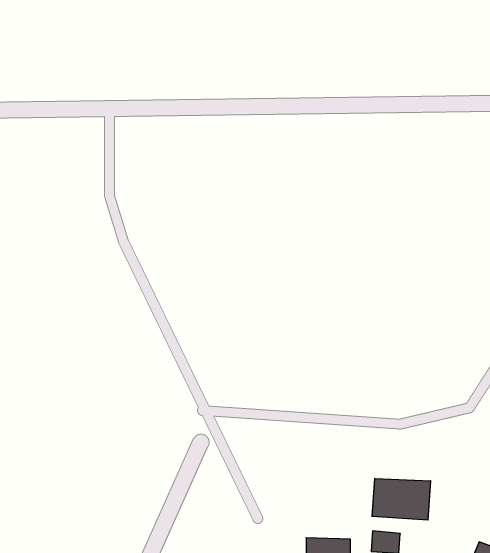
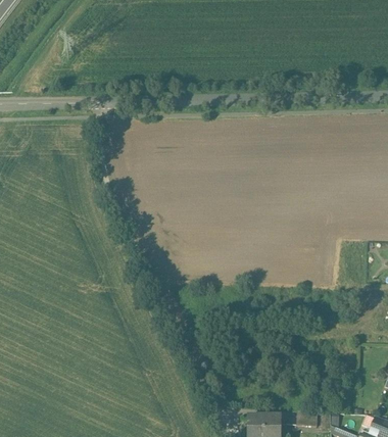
building: [372,478,431,520] -> none

